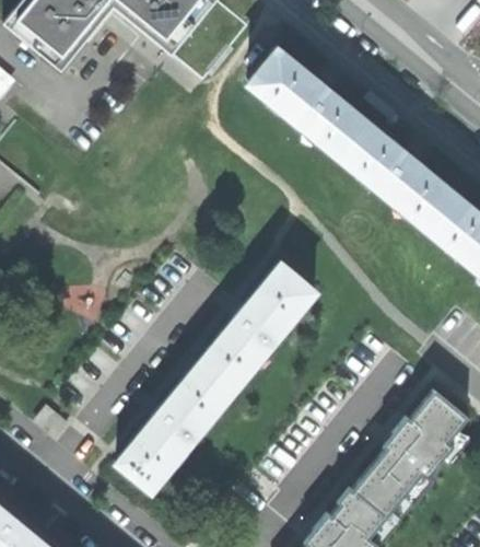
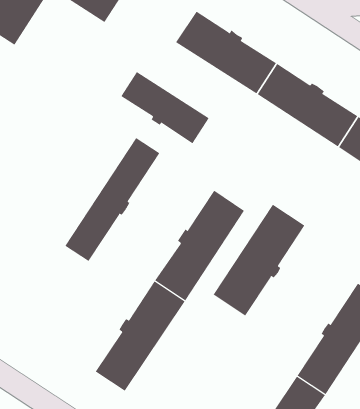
building: none -> [120,71,209,144]
building: none -> [65,137,160,262]
building: none -> [213,204,305,316]

